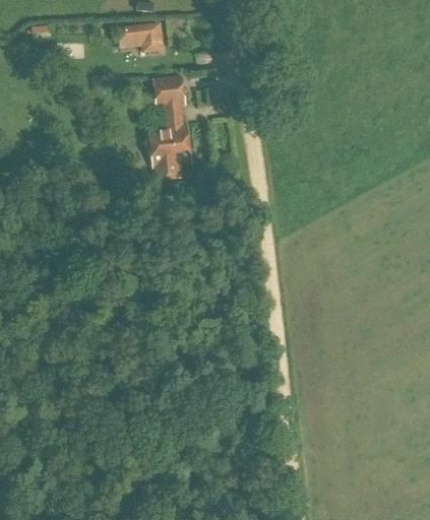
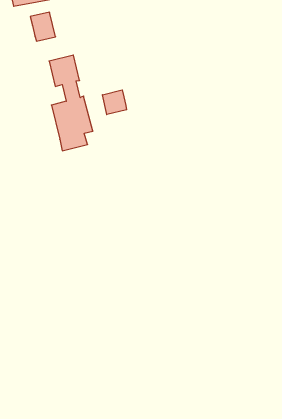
building: none -> [102,90,127,115]

